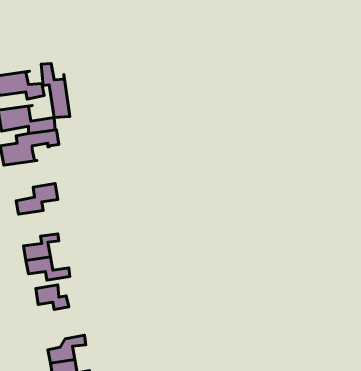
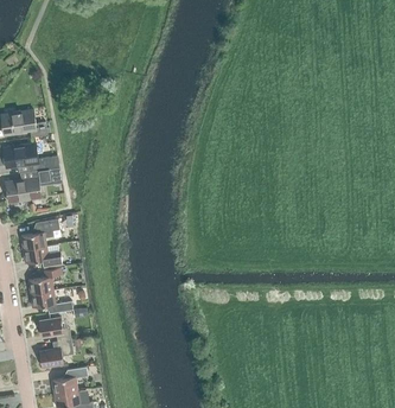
building: [41,63,70,118] -> none
building: none -> [23,246,62,268]
building: none -> [39,339,74,368]

